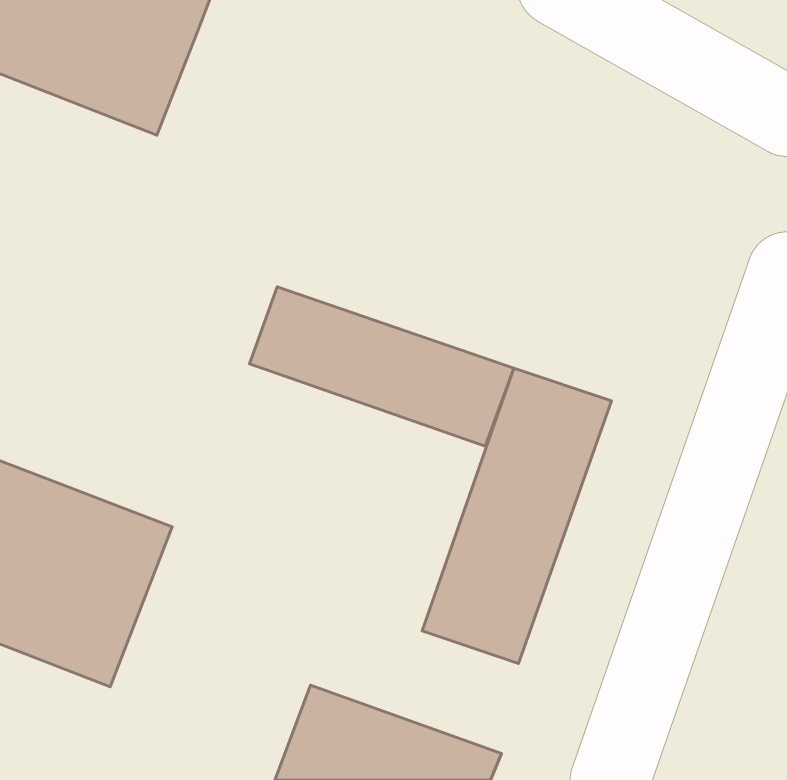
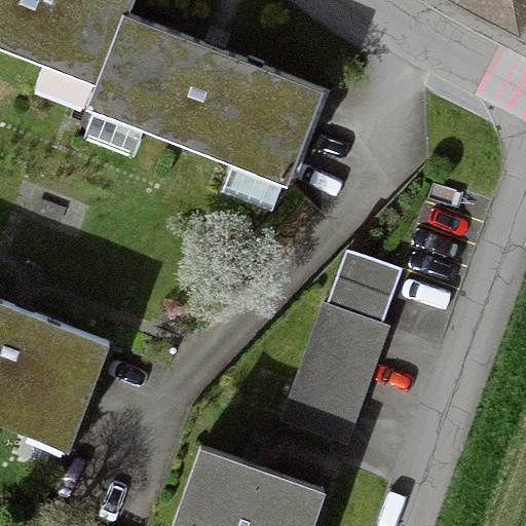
building: none -> [96,22,325,186]
building: [250,287,514,446] -> none

